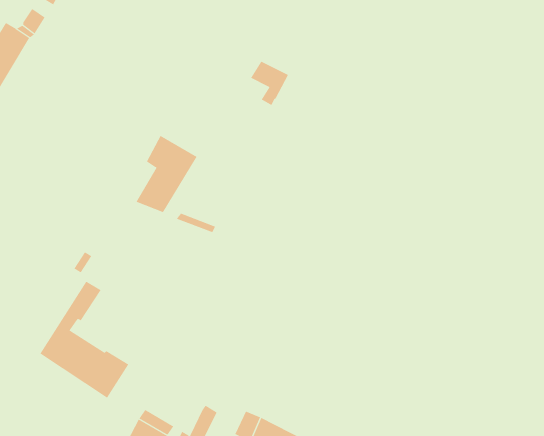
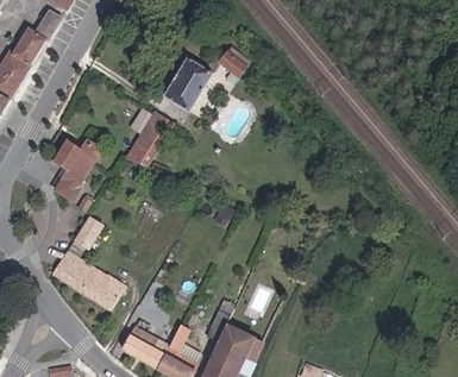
building: none -> [165,57,212,111]
building: none -> [52,139,100,202]

